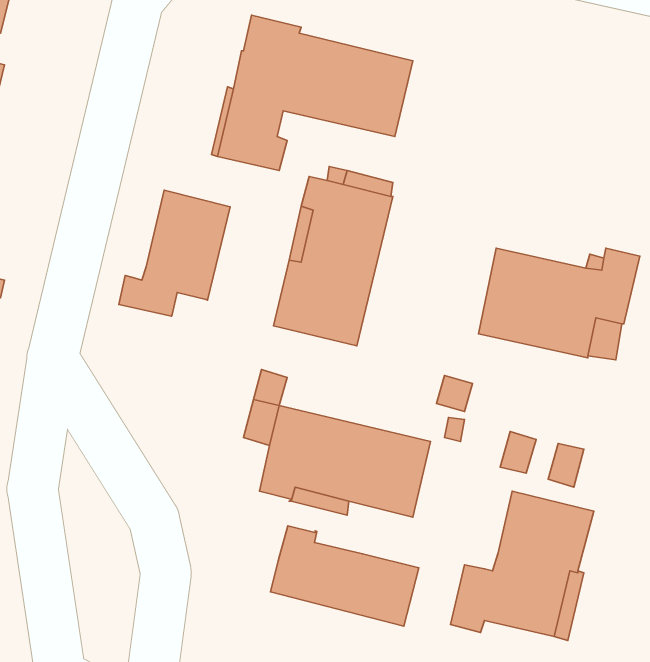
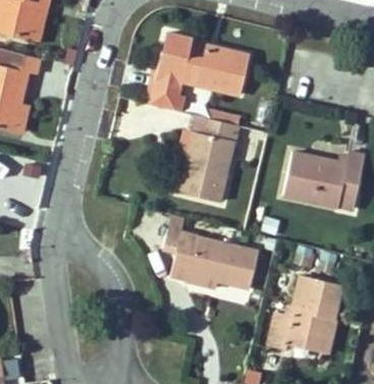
building: [119,190,230,316] -> none
building: [271,526,419,626] -> none

